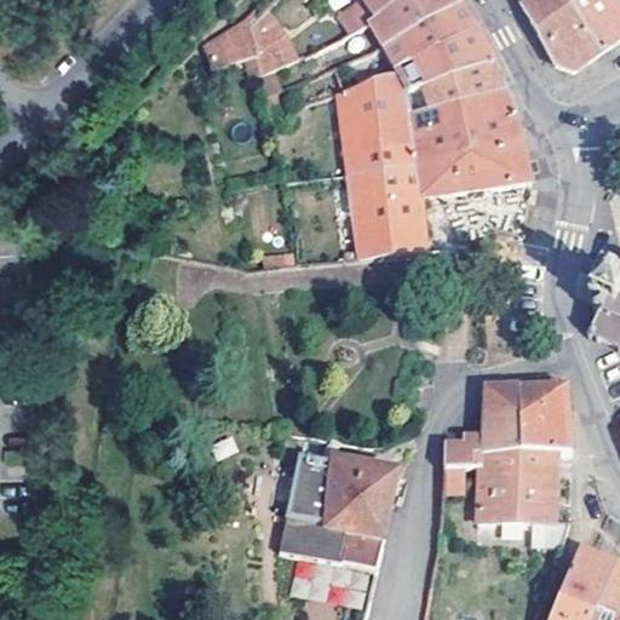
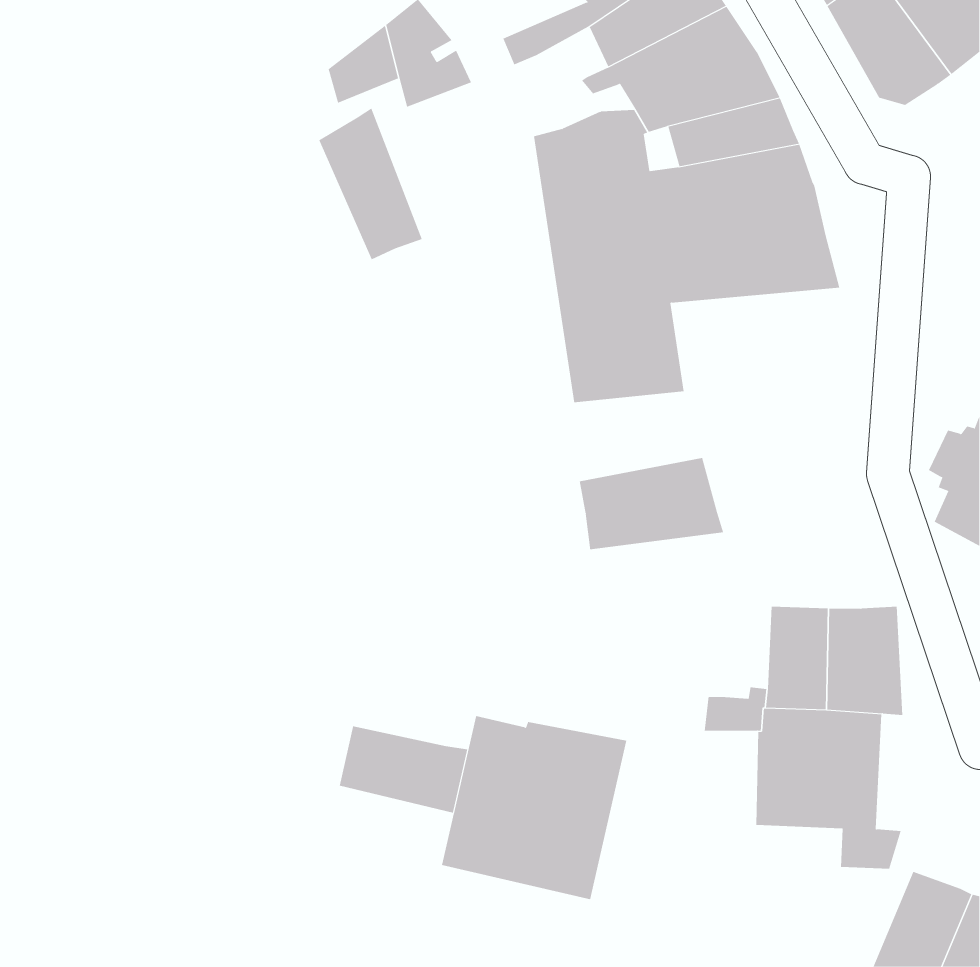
building: none -> [319,107,423,260]
building: none -> [579,457,724,550]
building: none -> [339,725,468,814]

